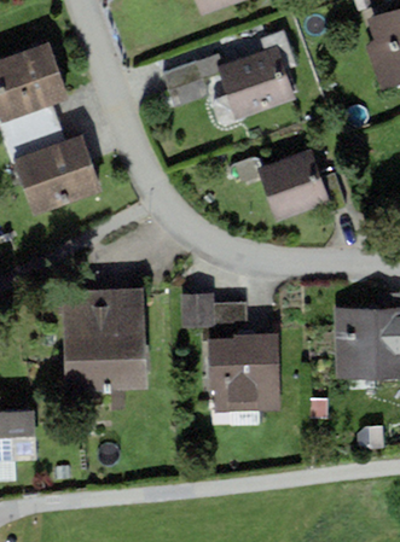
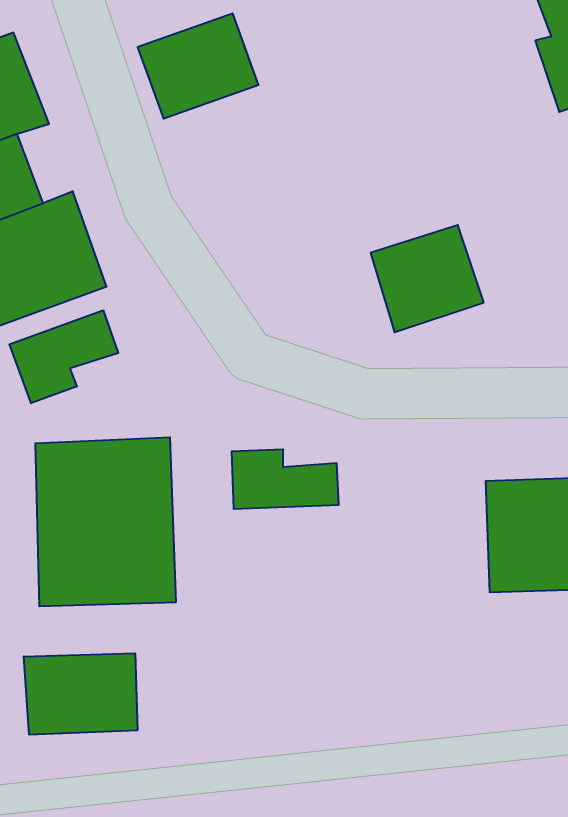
building: [222,59,296,123] -> [138,13,259,119]
building: none -> [9,310,118,403]
building: [209,334,278,412] -> none
building: none -> [24,653,137,735]

